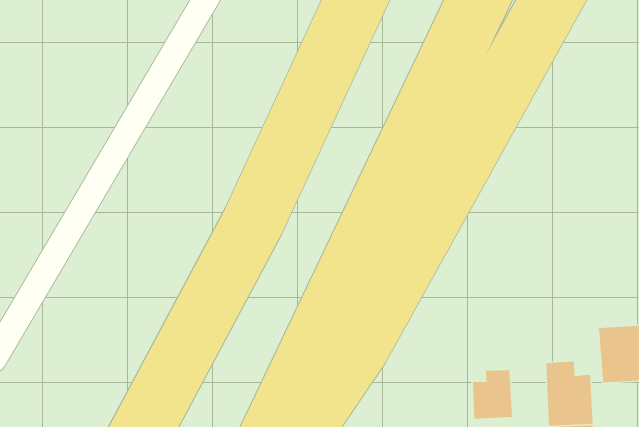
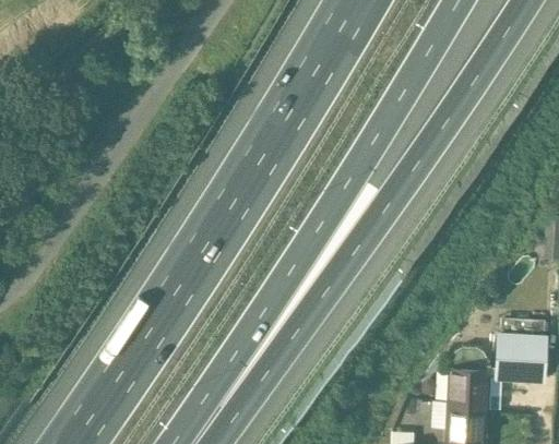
building: [472,369,513,419] -> none

